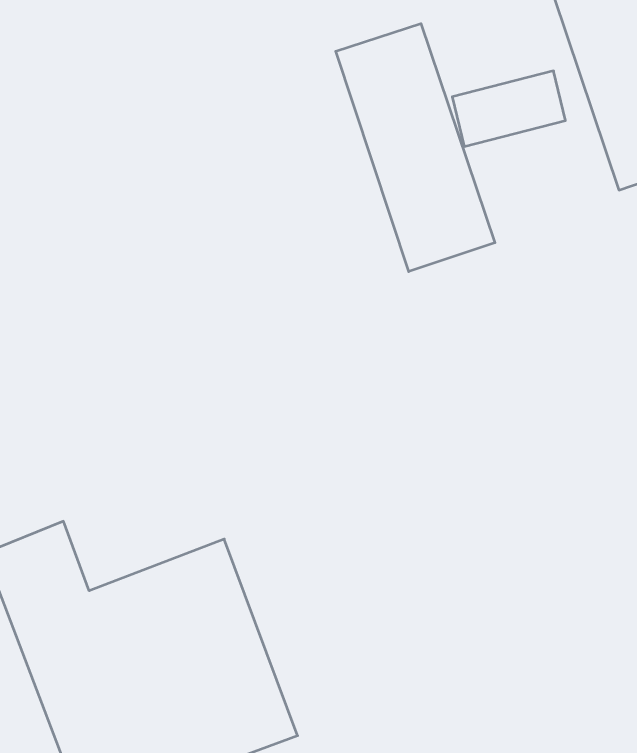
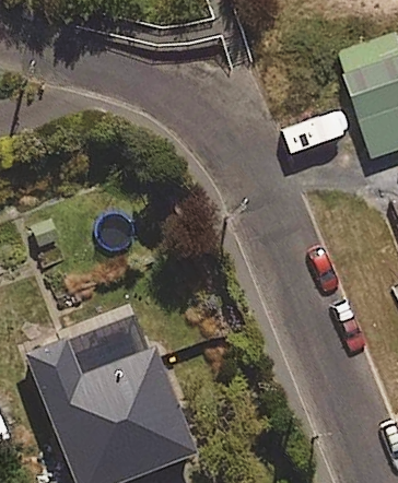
building: [336,24,495,272] -> none

